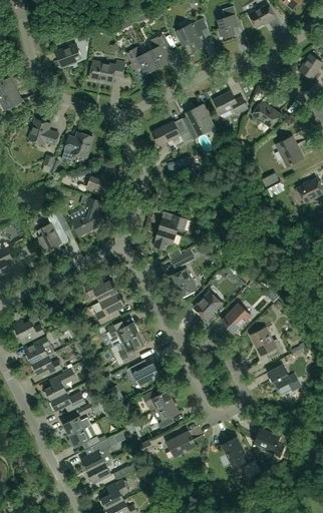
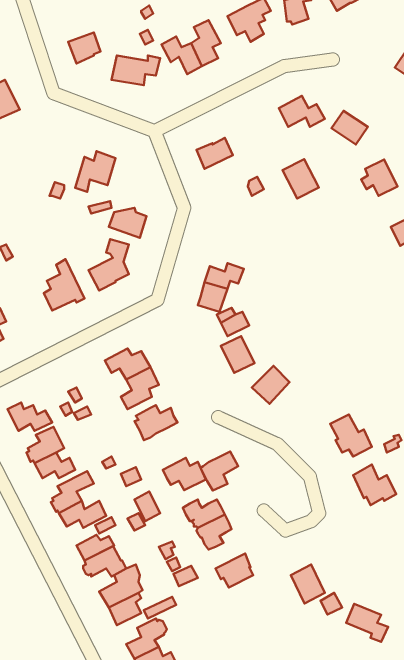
building: [187,106,214,135] -> [282,159,319,198]
building: [29,119,58,145] -> none
building: [223,304,251,332] -> none
building: [116,334,144,363] -> [201,451,238,491]
building: [254,429,285,457] -> [346,604,388,642]

